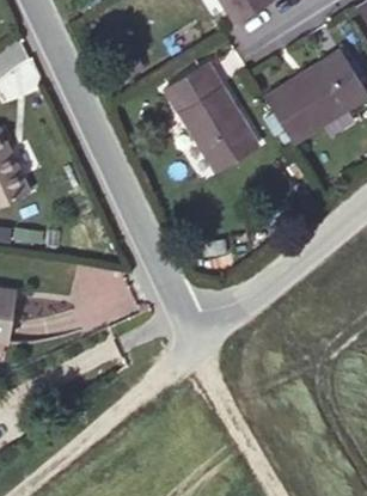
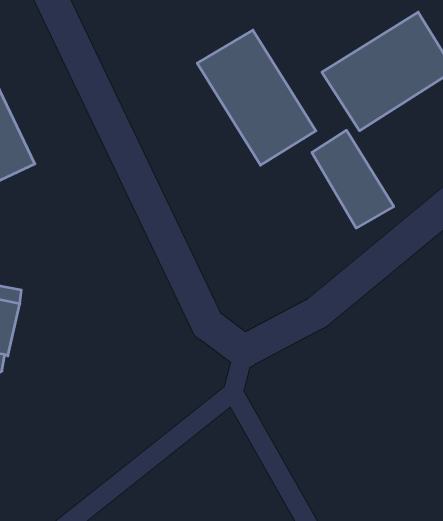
building: none -> [312,130,394,228]

